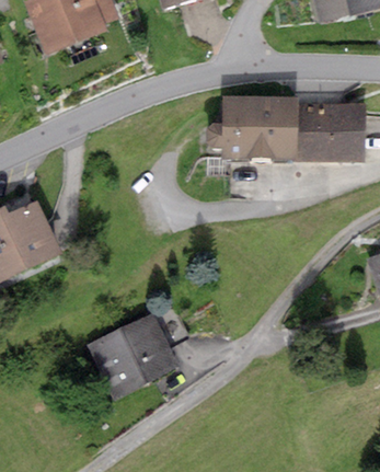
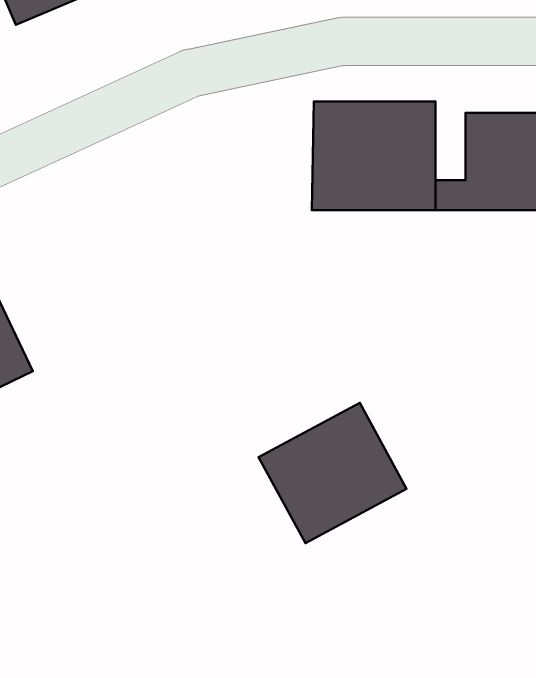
building: [92,313,179,395] -> [259,403,407,543]

